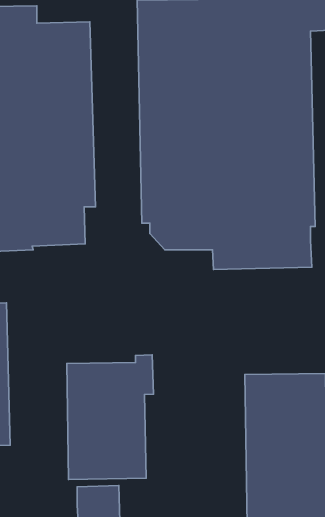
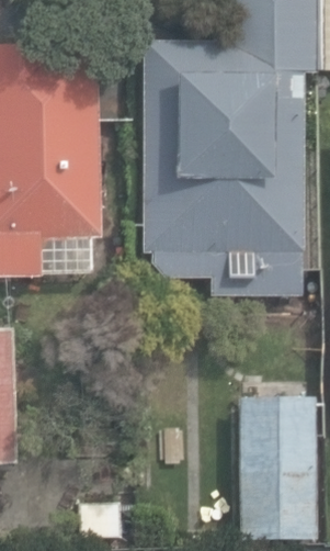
building: [67,355,153,479] -> none

